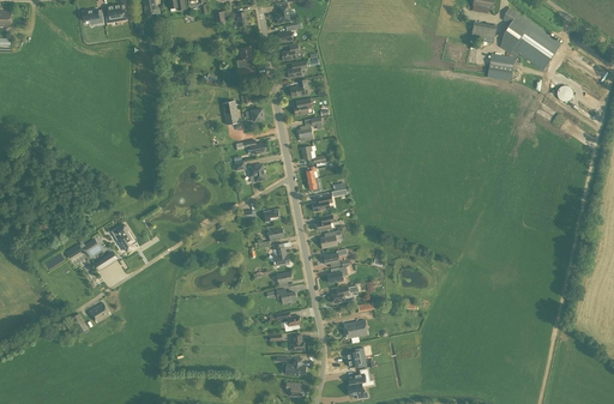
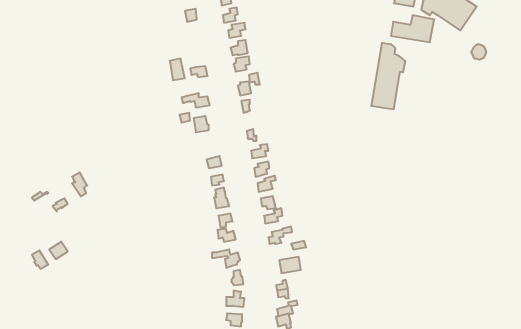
building: none -> [371,43,405,109]

